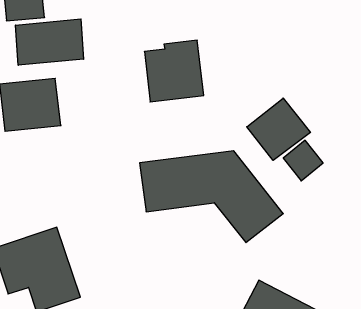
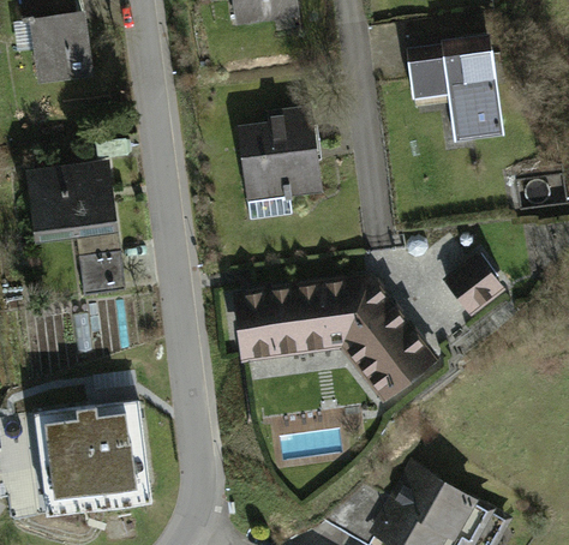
building: none -> [412,55,502,140]
building: [16,19,84,65] -> none
building: [247,98,310,160] -> none

